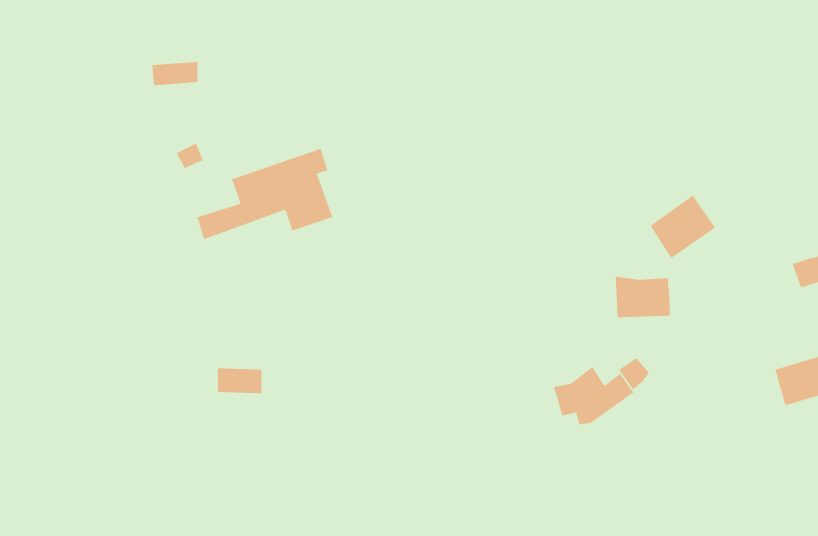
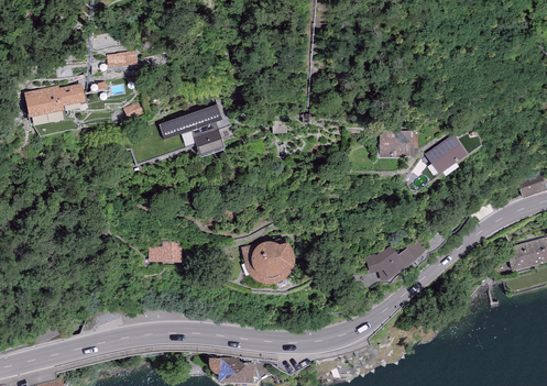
building: none -> [26,85,85,122]
building: [615,276,670,318] -> [380,130,415,156]
building: none -> [237,234,287,279]

